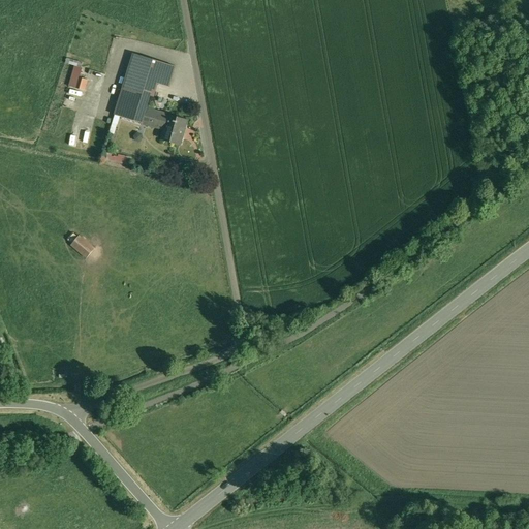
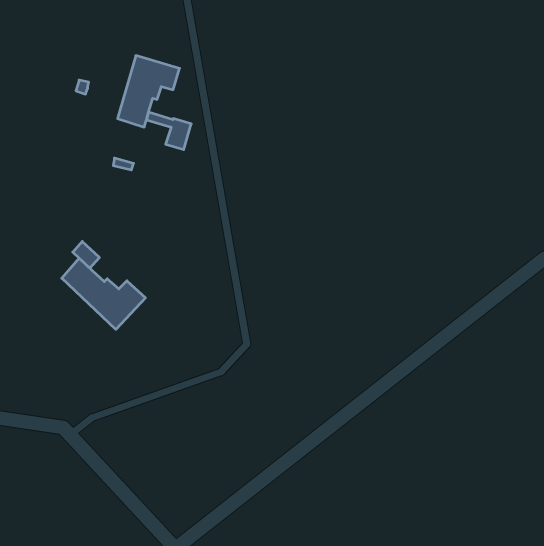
building: none -> [62,258,145,329]

